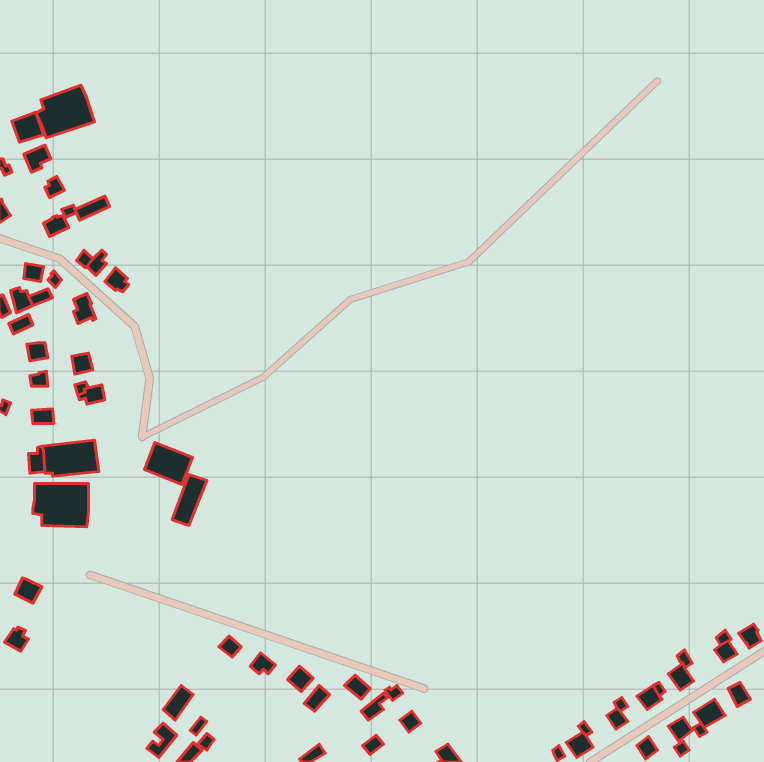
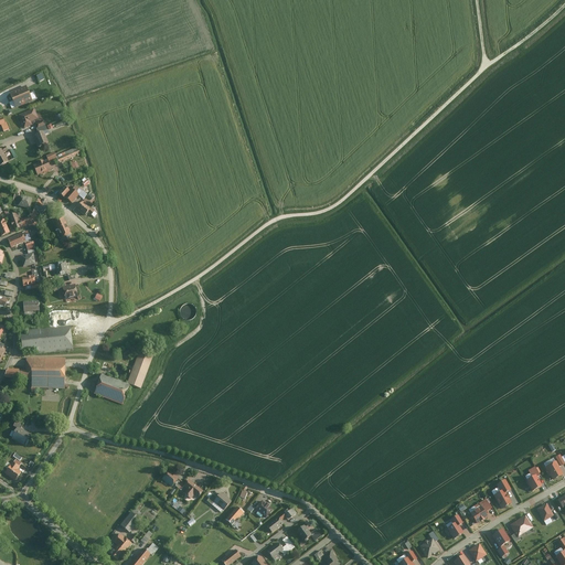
building: [36,85,95,138] -> none
building: [144,443,192,484] -> [94,373,129,404]

